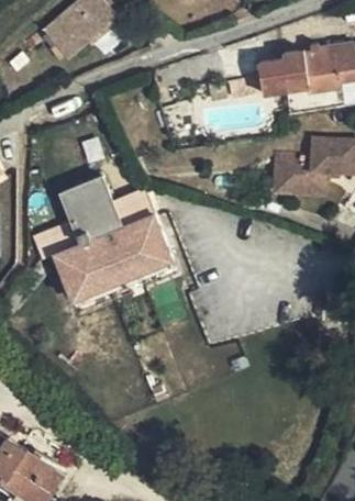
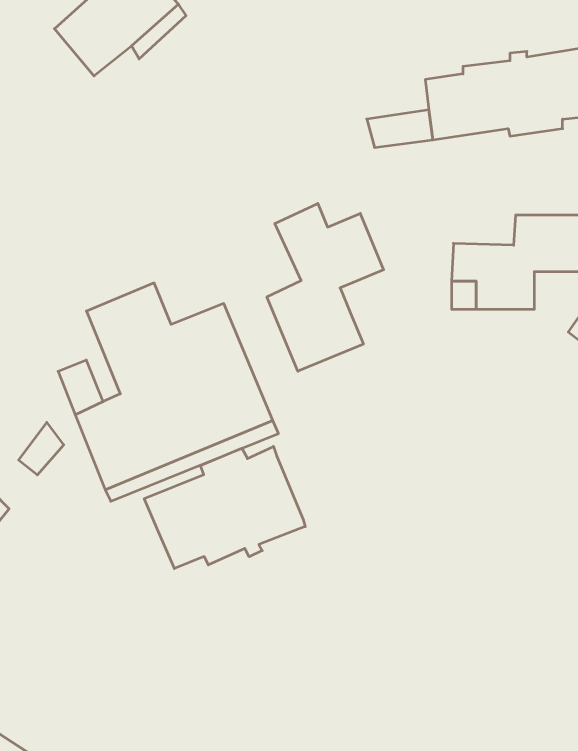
building: none -> [267,203,384,371]
building: none -> [144,446,305,569]

